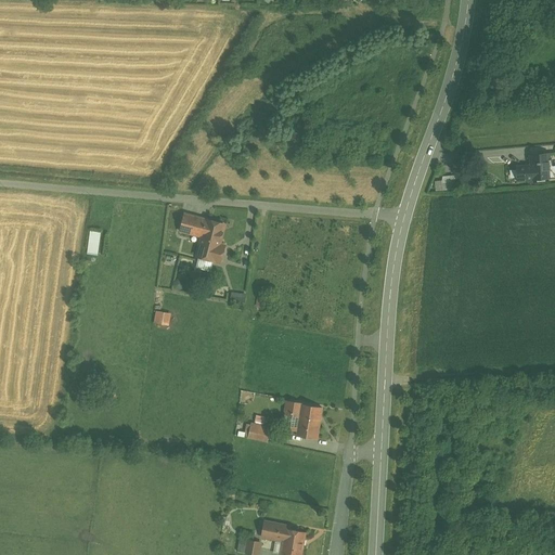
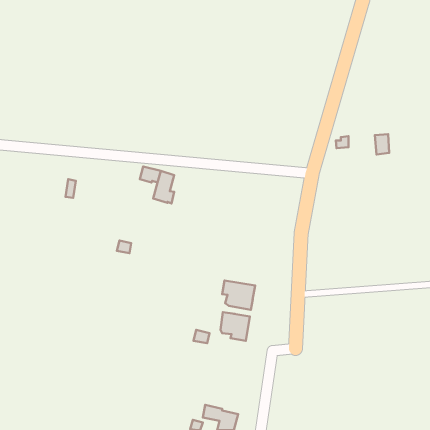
building: [531,154,550,180] -> [375,134,389,154]
building: none -> [222,280,255,310]

